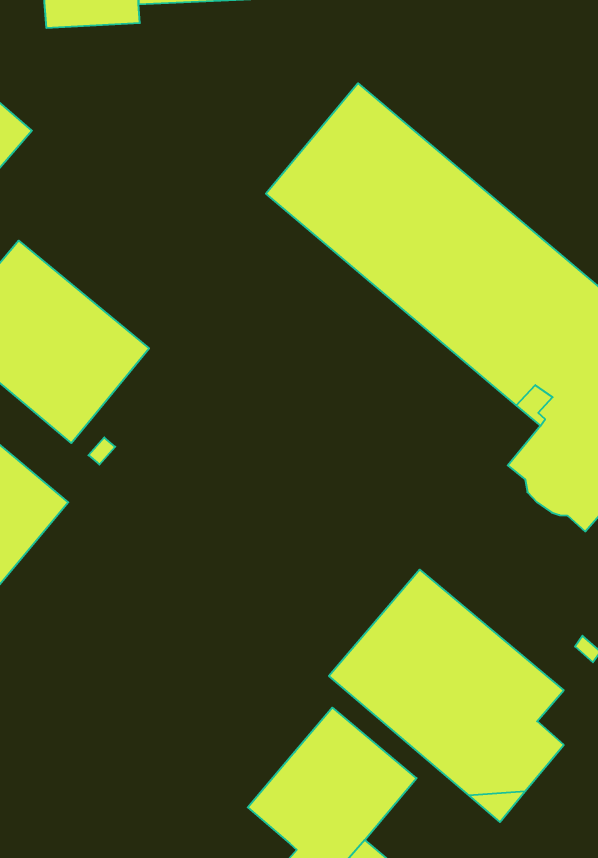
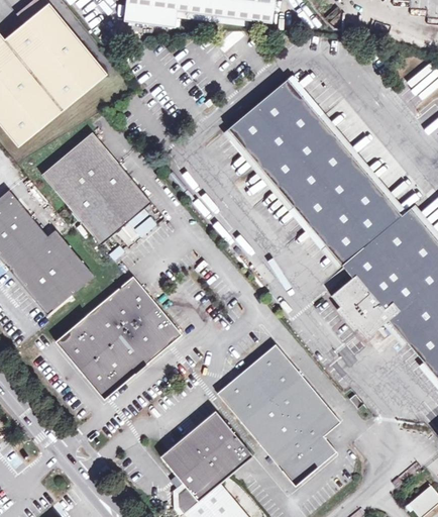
building: none -> [57,275,182,397]

